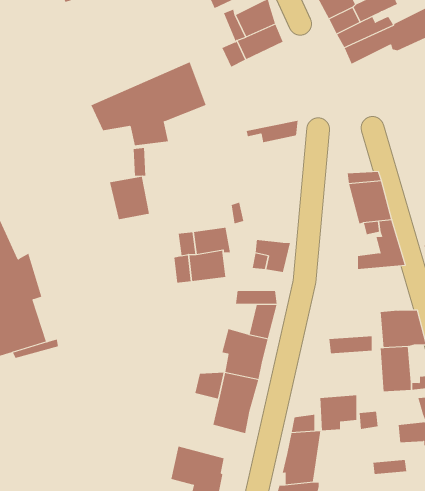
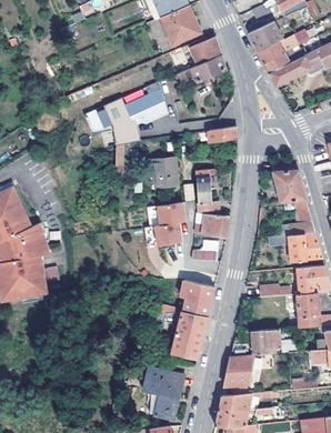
building: [109,176,150,220] -> [151,159,181,191]
building: none -> [197,170,221,212]
building: none -> [289,233,323,262]

